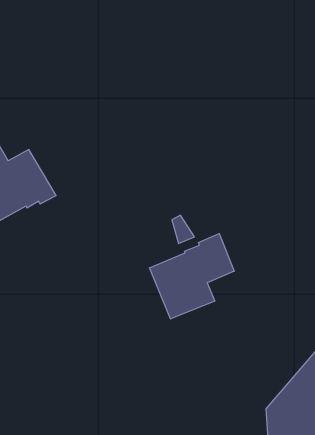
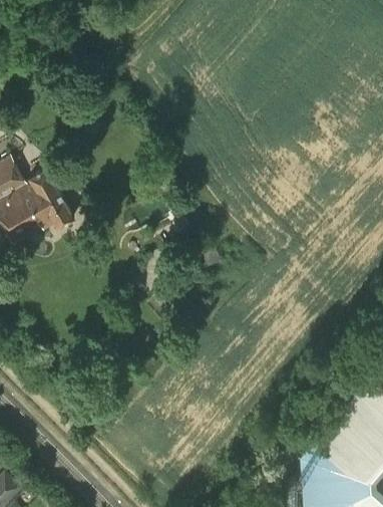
building: [150,234,234,319] -> none

